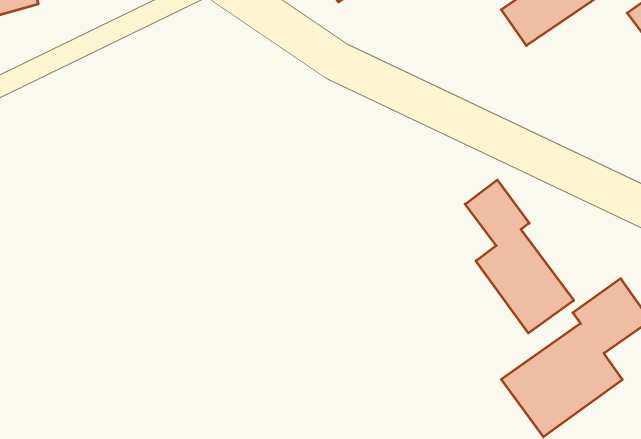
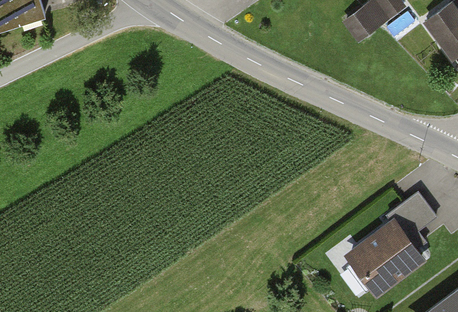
building: [465,180,574,333] -> none

